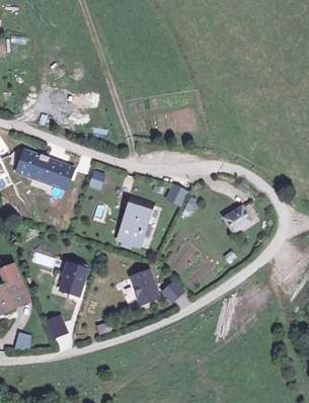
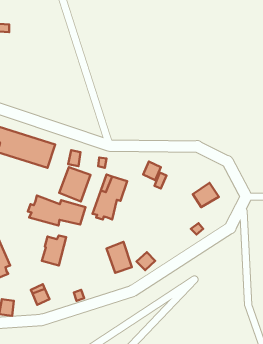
building: none -> [59,167,90,202]
building: none -> [28,196,85,225]

